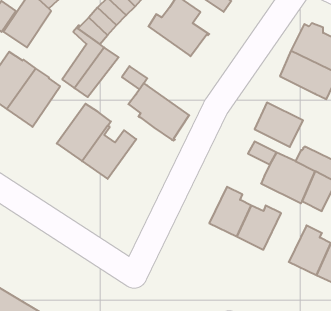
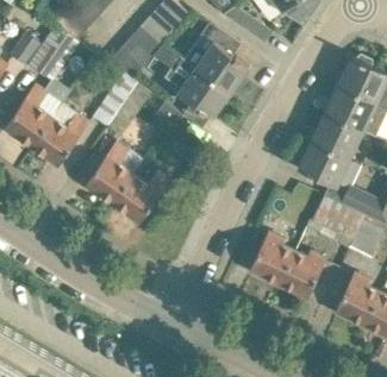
building: none -> [311,113,363,161]
building: [128,83,189,141] -> [163,57,229,119]

